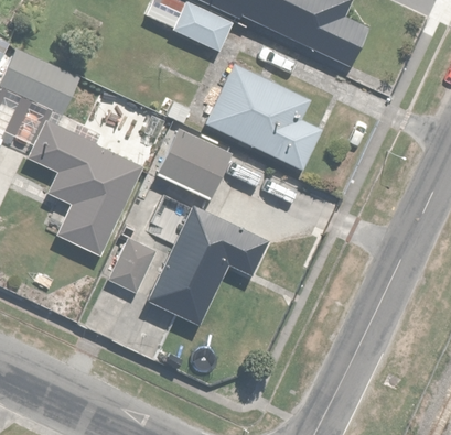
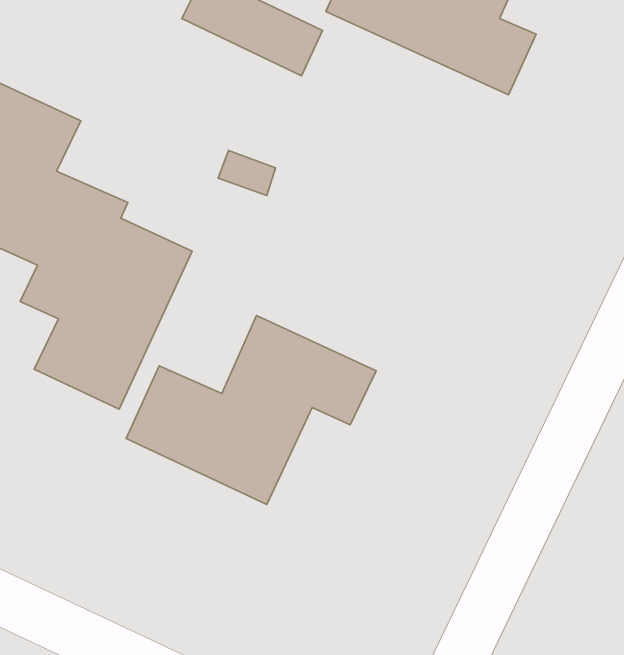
building: [203,63,323,172] -> none
building: [133,115,232,202] -> none

